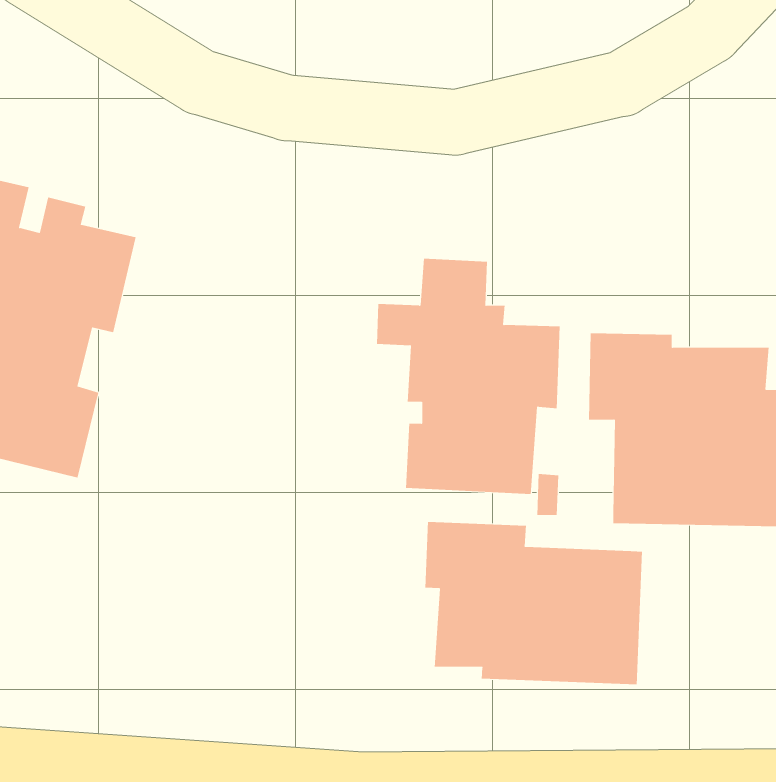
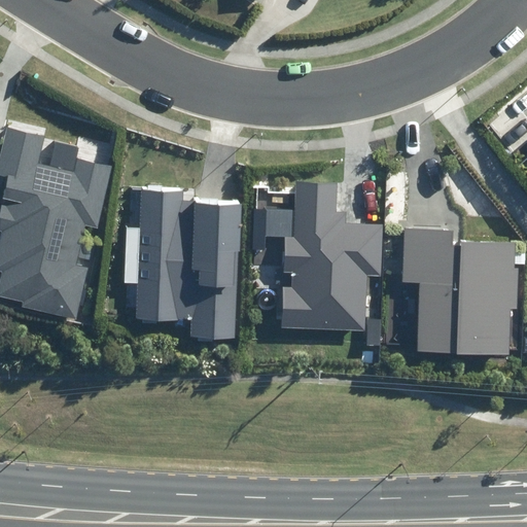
building: none -> [127,179,248,347]
building: [425,521,642,685] -> none

